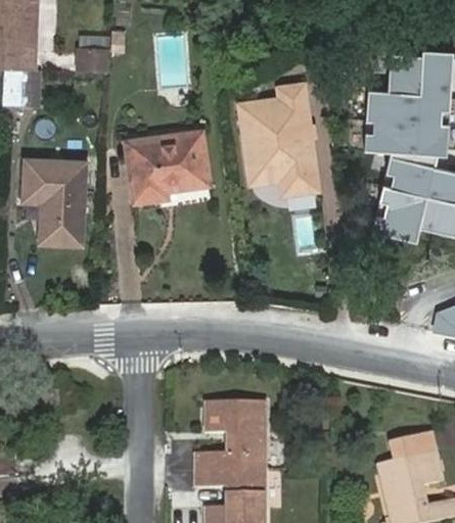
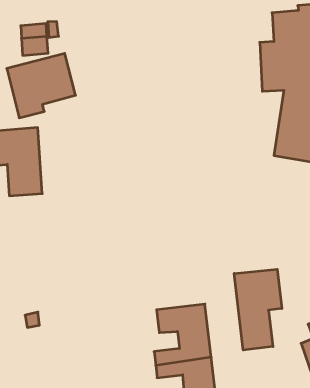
building: [239,83,316,195] -> none
building: [127,131,208,203] -> [7,53,76,118]
building: none -> [234,269,282,350]

